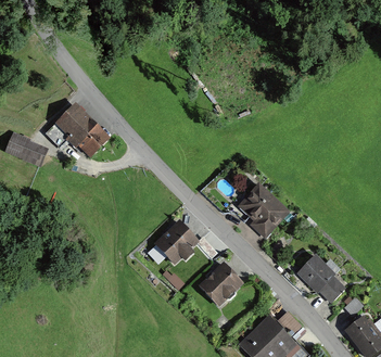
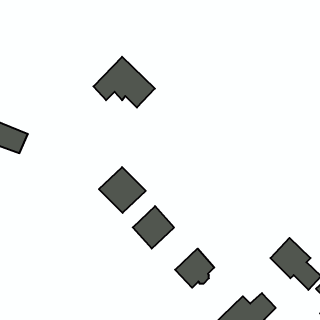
building: [46,103,109,155] -> [93,57,155,108]
building: none -> [99,167,146,213]
building: [238,183,289,237] -> none

